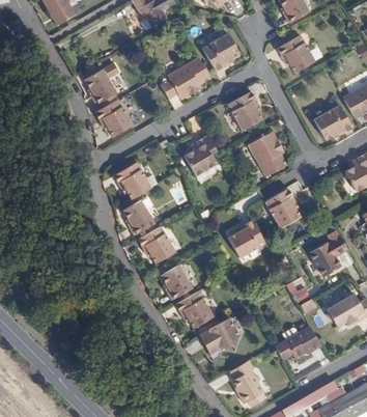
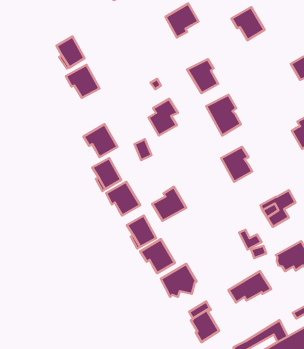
building: [160,57,209,100] -> none
building: [313,104,351,139] -> none
building: [229,220,266,257] -> [152,187,186,221]

